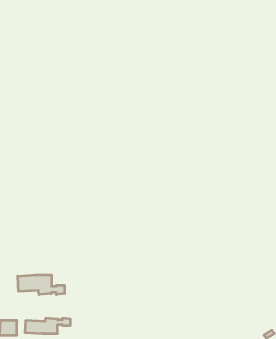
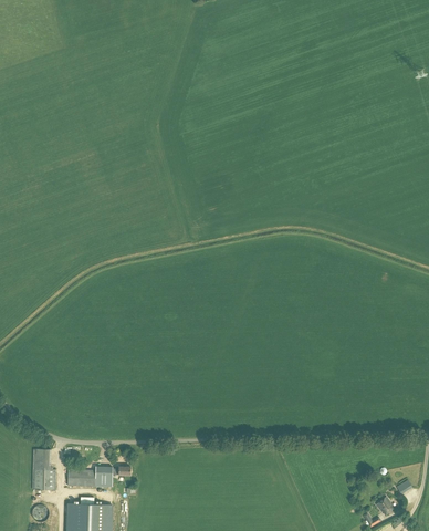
building: [18,275,64,295] -> none

